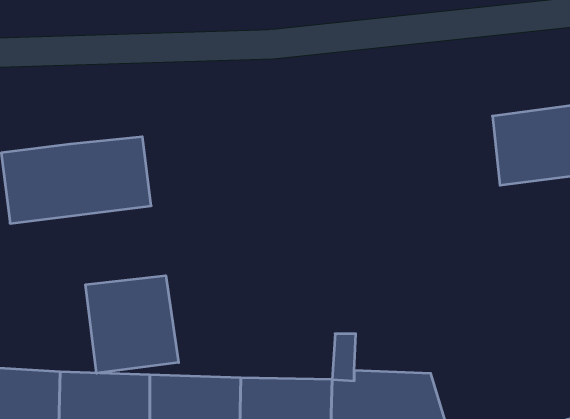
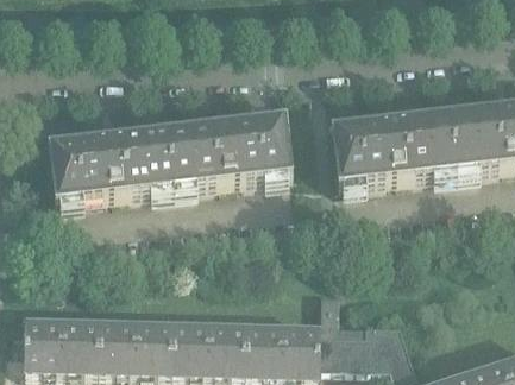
building: none -> [333,114,453,183]
building: none -> [164,116,285,187]
building: [86,276,179,373] -> none

